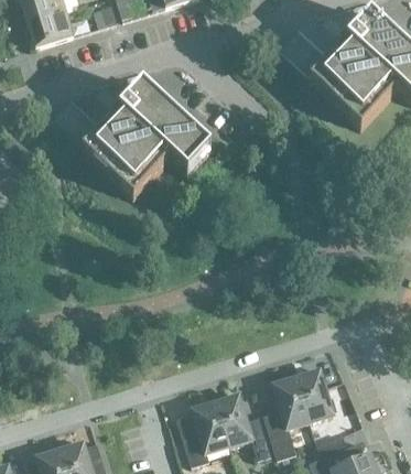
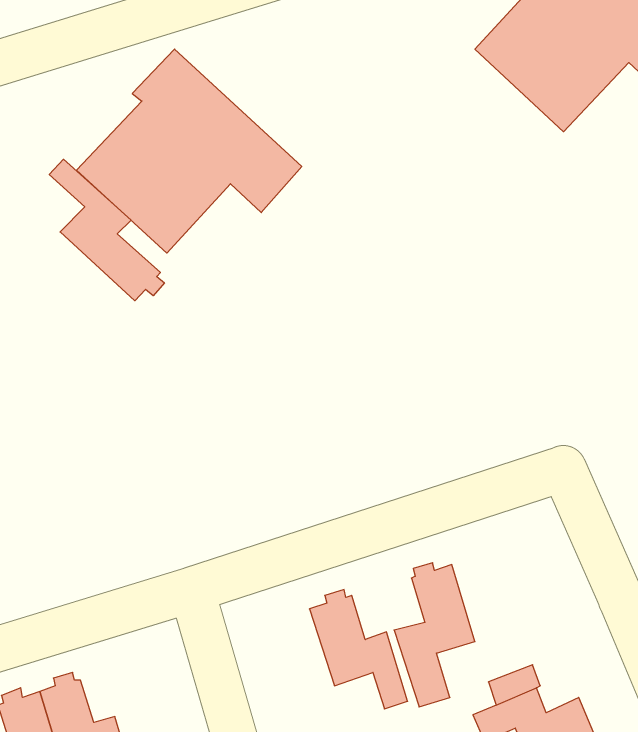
building: none -> [49,159,164,301]
building: [296,364,337,419] -> none
building: [183,398,229,464] -> none

